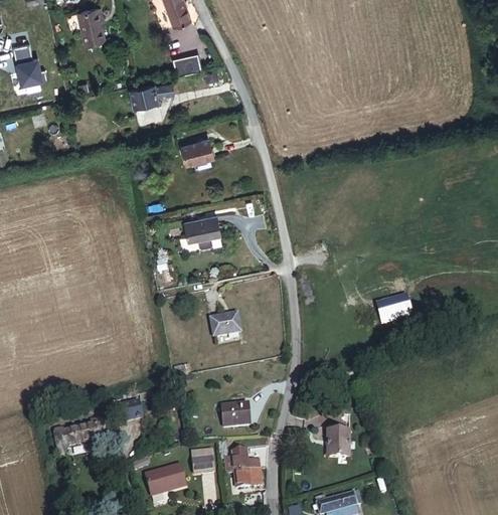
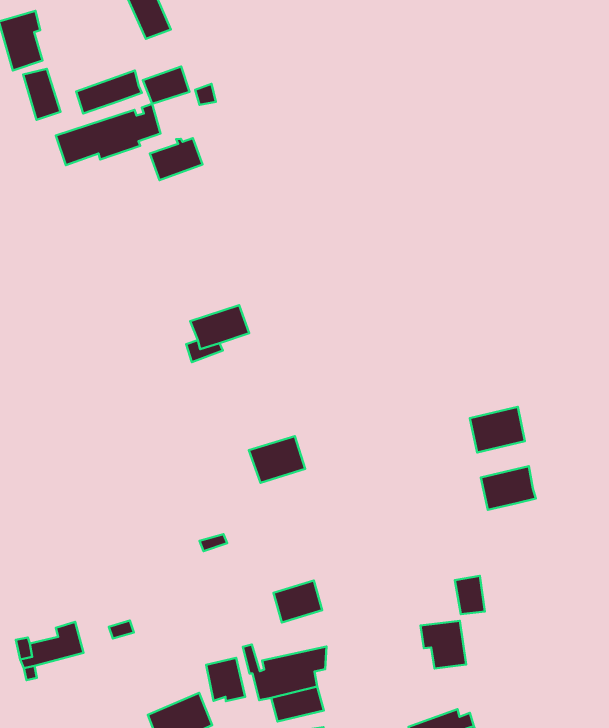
building: none -> [23,69,61,120]
building: none -> [76,71,142,114]
building: [183,137,217,163] -> [150,138,203,180]
building: none -> [481,466,536,510]
building: none -> [455,576,485,614]

